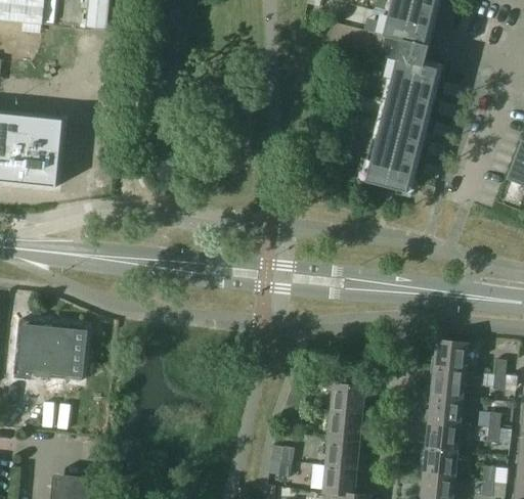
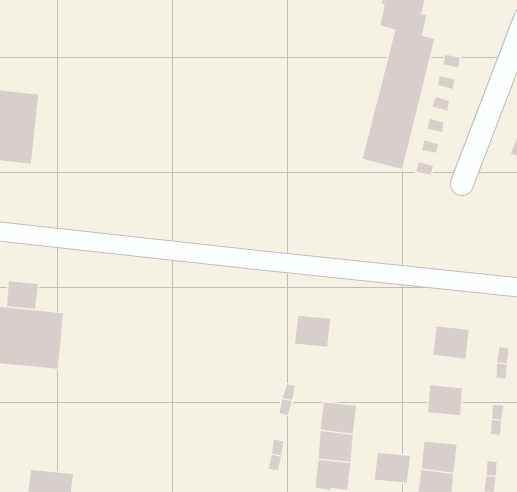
building: none -> [6,281,39,309]
building: [430,367,465,398] -> none
building: [330,383,364,414] -> [294,315,331,348]
building: [425,421,460,451] -> [374,452,411,484]

